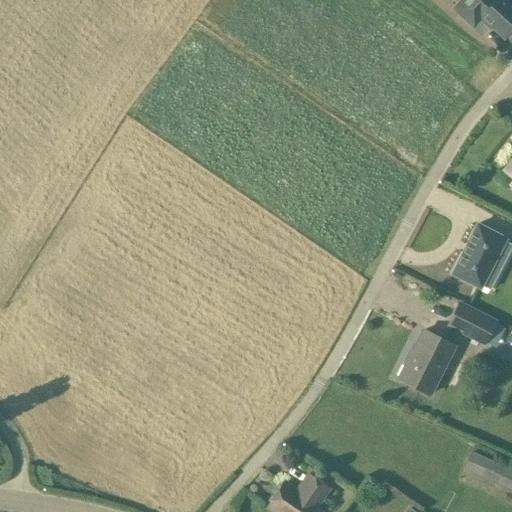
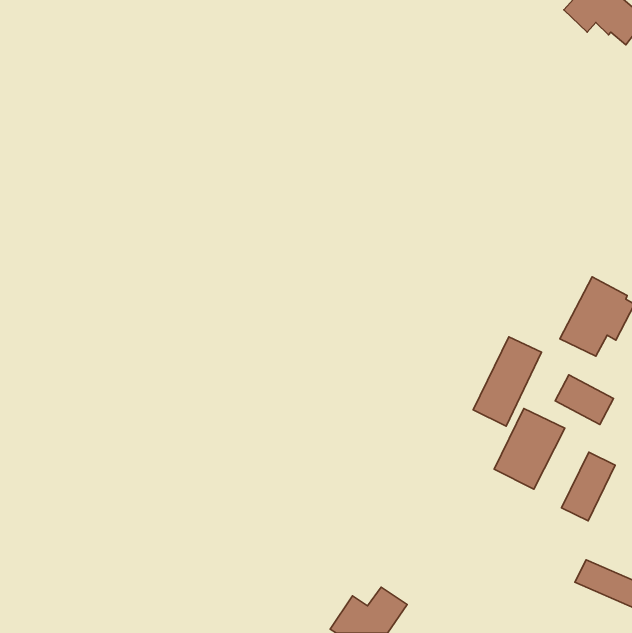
building: none -> [473,337,541,426]
building: none -> [562,452,615,521]

